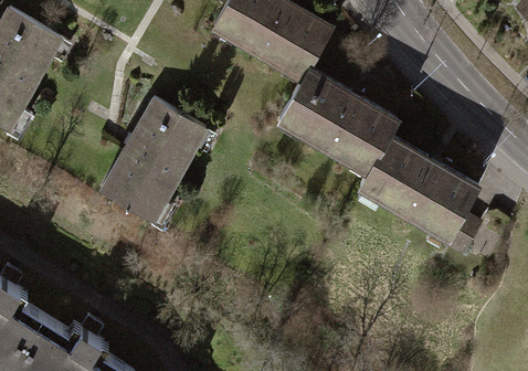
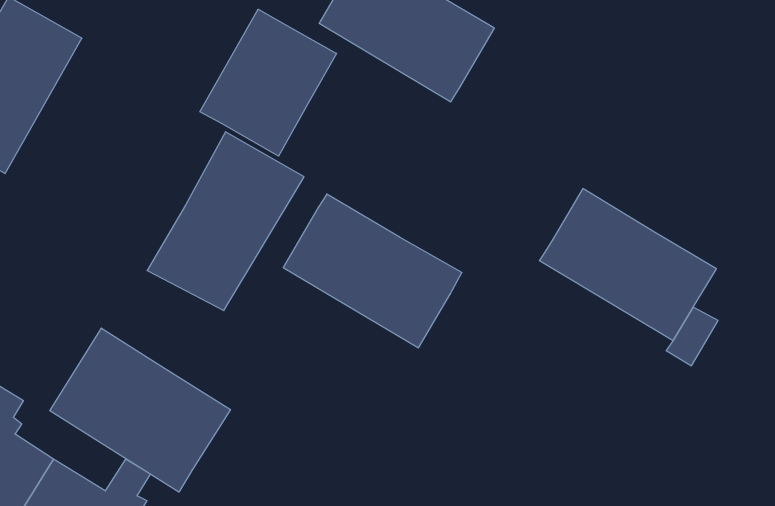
building: none -> [200,9,337,156]
building: [281,71,399,172] -> [283,194,462,348]
building: none -> [50,328,230,492]

